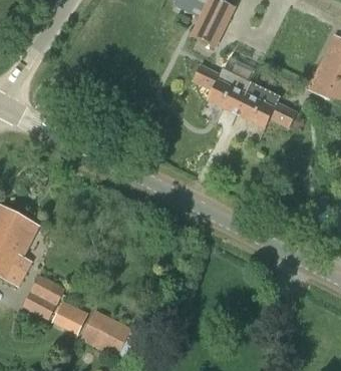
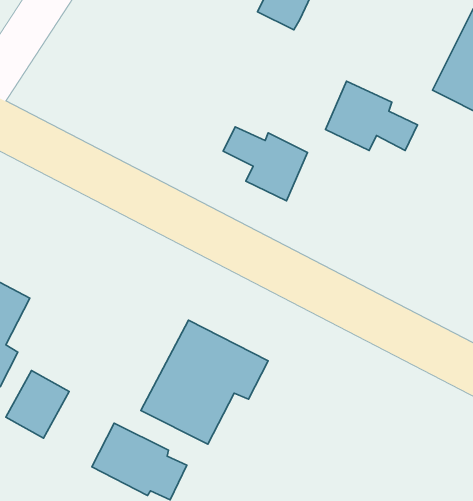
building: [193,65,249,114] -> [223,127,308,201]
building: none -> [141,320,268,444]
building: [51,300,88,334] -> none

